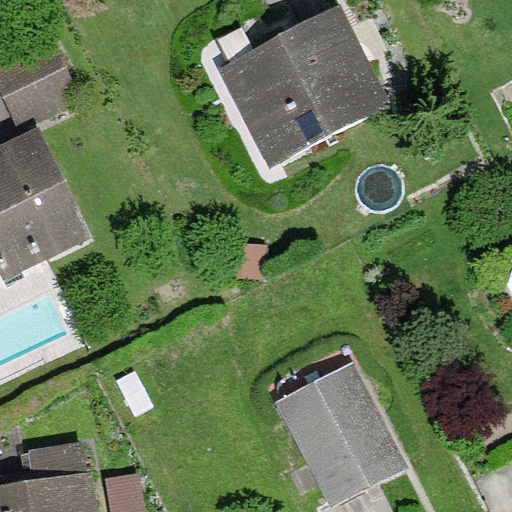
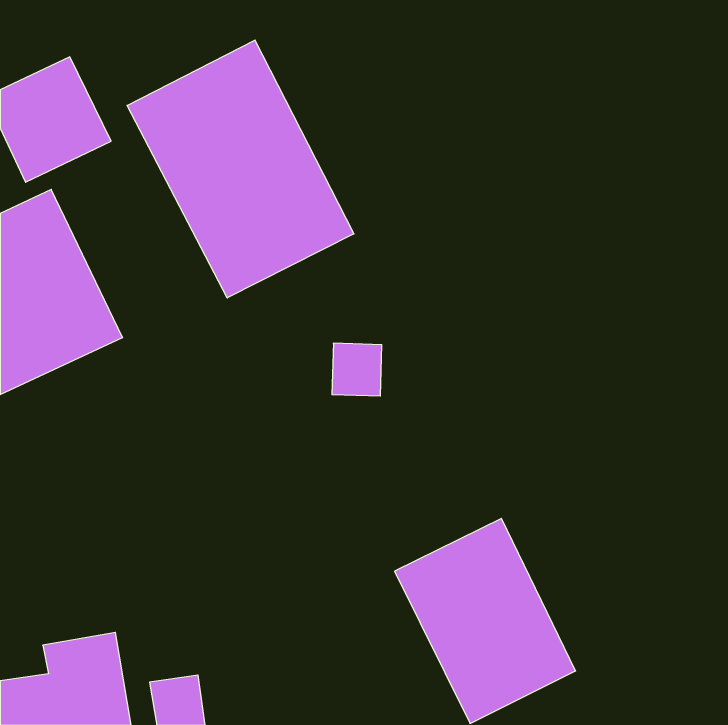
building: [222,9,388,165] -> none
building: none -> [127,40,354,298]

